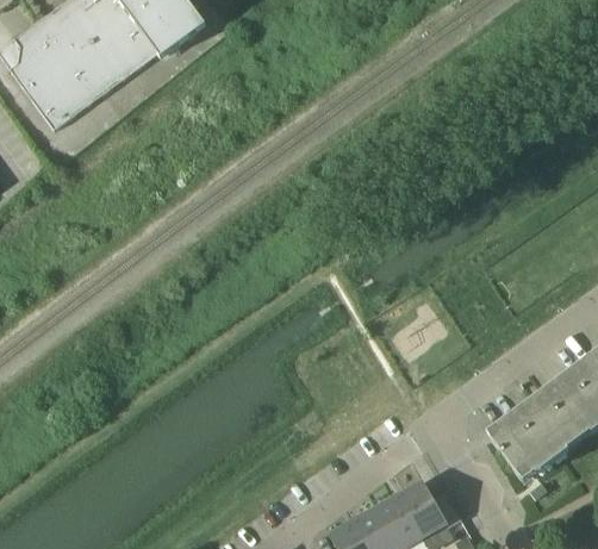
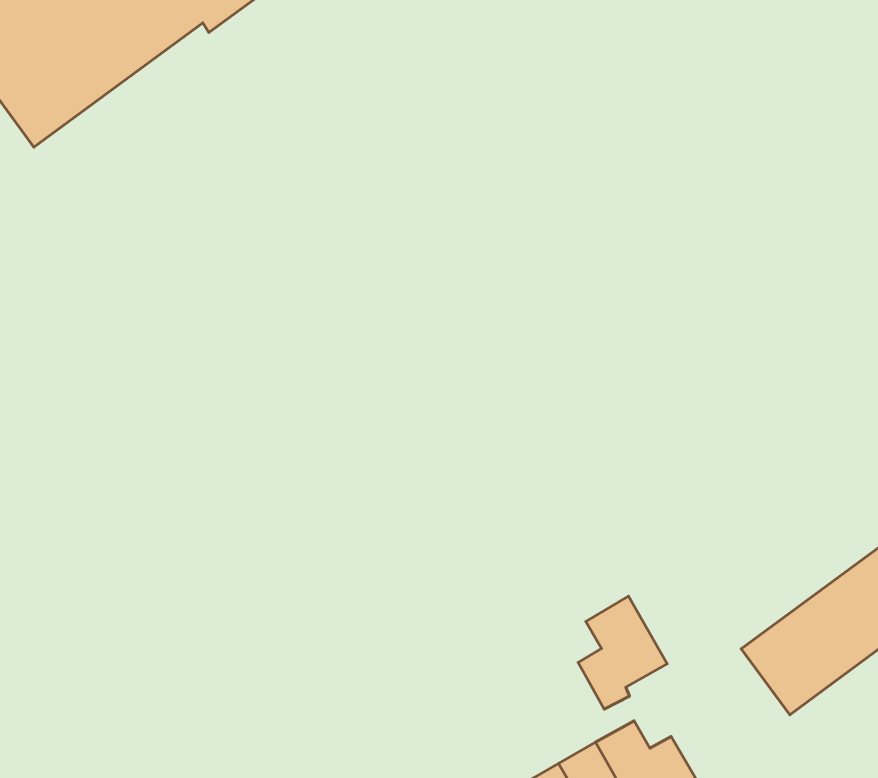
building: none -> [578,596,667,709]

